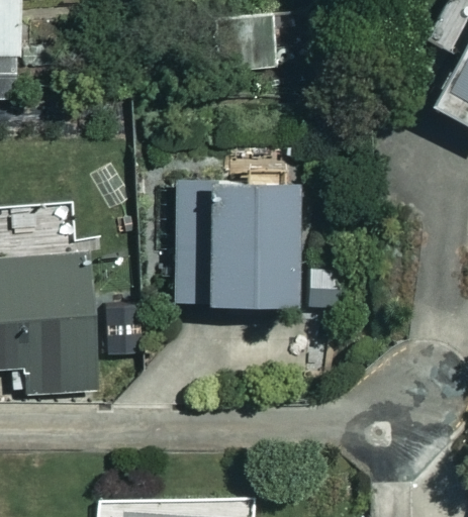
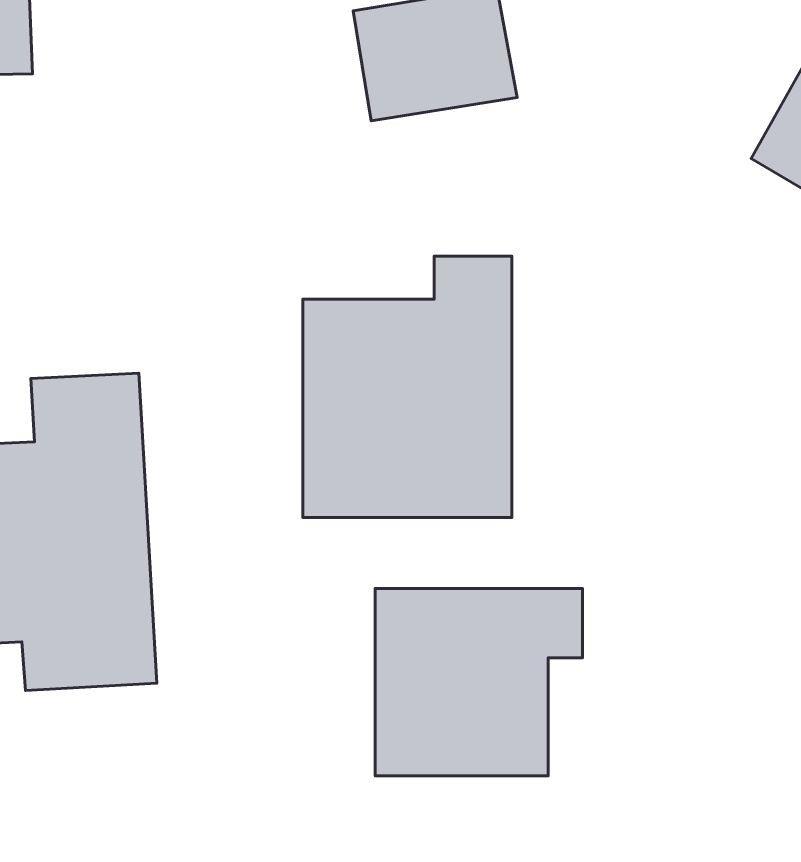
building: none -> [375,588,582,776]

